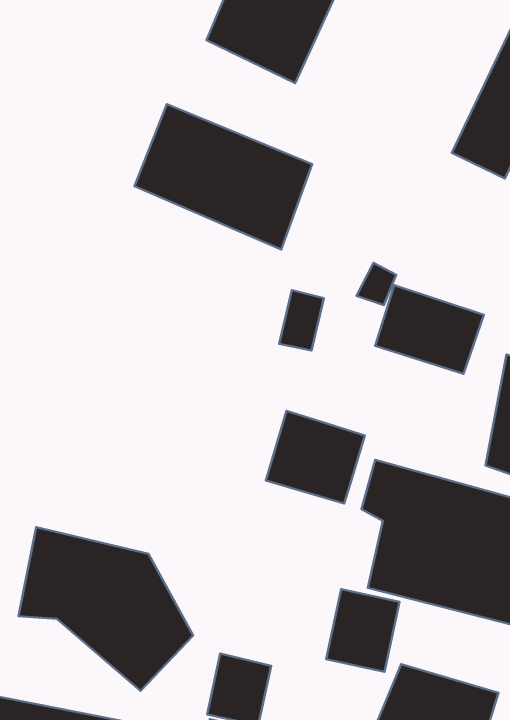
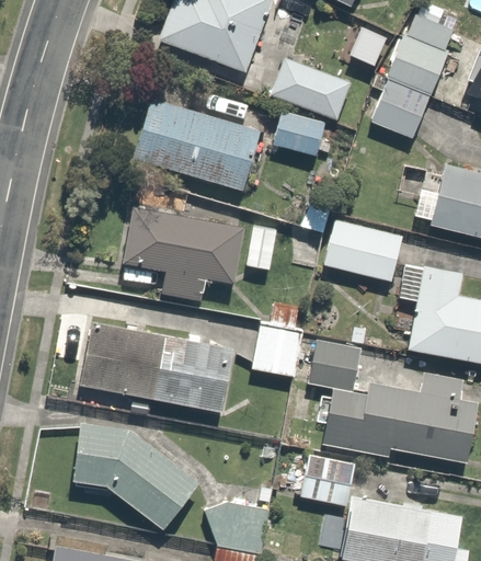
building: none -> [264,54,354,121]
building: none -> [265,105,324,160]
building: none -> [125,209,247,304]
building: none -> [83,322,236,415]

